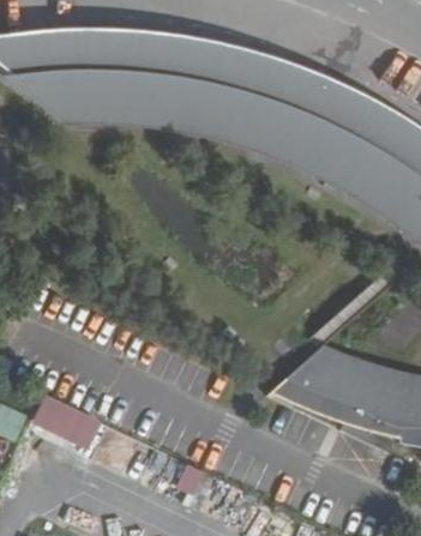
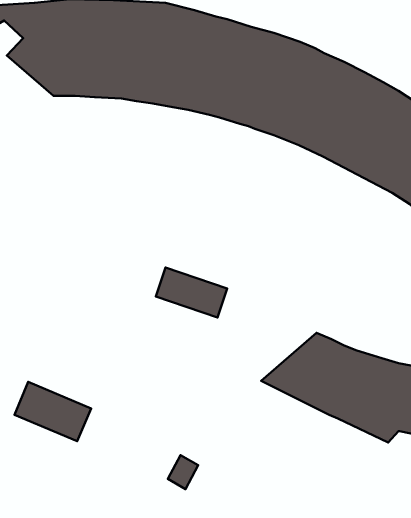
building: none -> [156,268,227,317]

